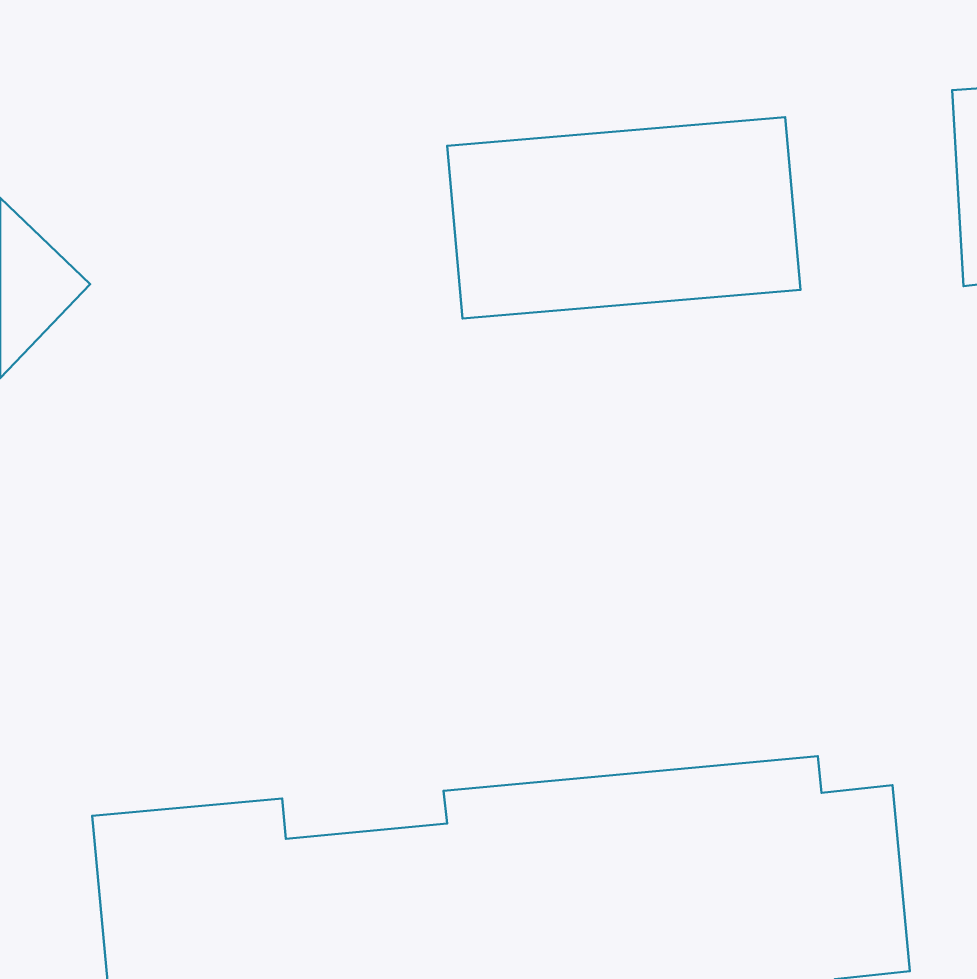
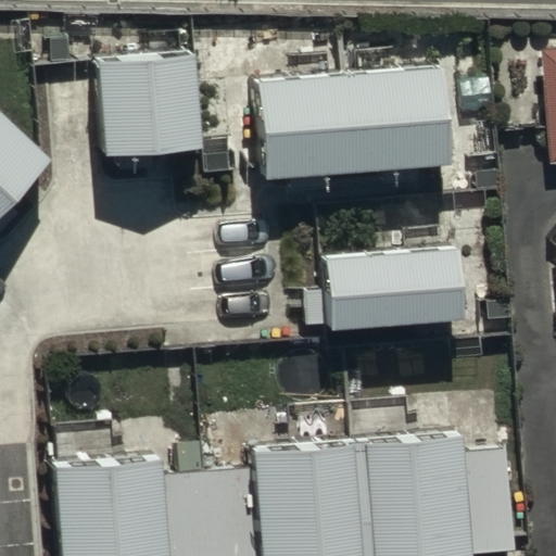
building: none -> [96,52,204,155]
building: none -> [324,248,464,331]

